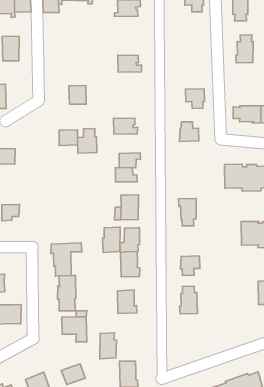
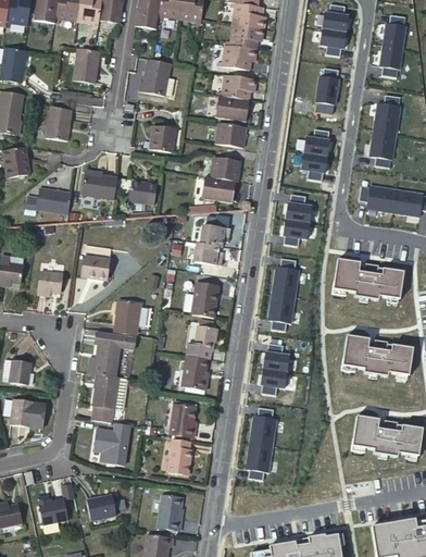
building: none -> [218,45,256,70]
building: none -> [317,67,339,106]
building: none -> [138,59,170,96]
building: none -> [222,75,260,101]
building: none -> [372,129,396,168]
building: none -> [303,129,329,157]
building: none -> [214,123,246,147]
building: none -> [210,157,240,181]
building: [78,128,97,153] -> none
building: none -> [83,174,117,200]
building: none -> [283,220,310,247]
building: none -> [272,259,299,297]
building: none -> [83,249,112,273]
building: [103,227,120,253] -> [115,295,142,329]
building: none -> [263,344,289,372]
building: none -> [248,443,273,481]
building: [100,333,116,359] -> [168,435,193,470]

